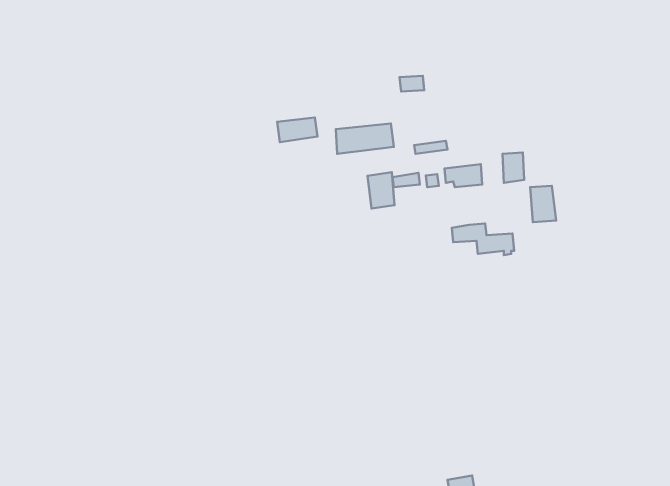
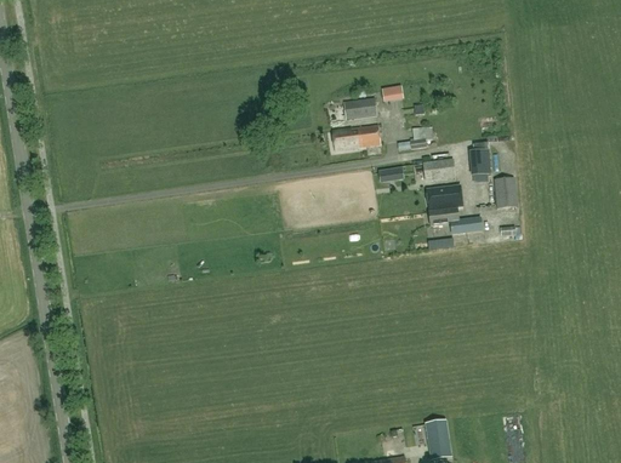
building: [277,118,318,142] -> [343,99,377,120]
building: [367,172,395,208] -> none
building: none -> [427,187,463,211]

